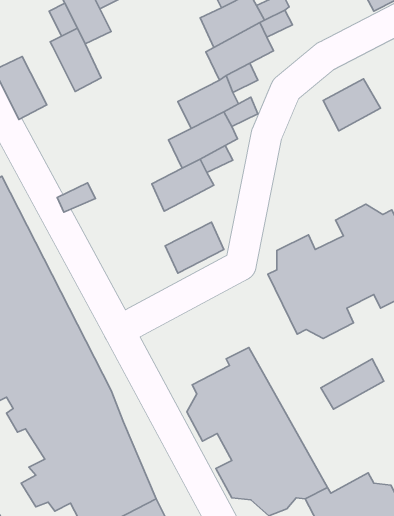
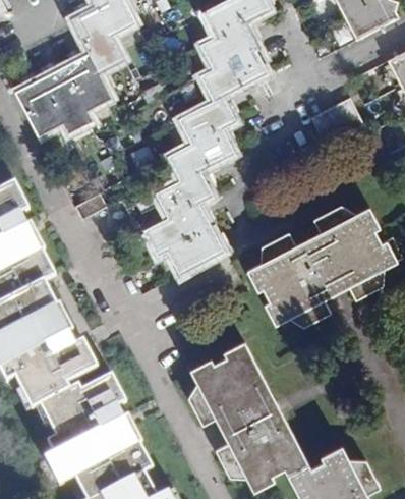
building: none -> [35,68,85,127]
building: none -> [146,202,206,252]
building: [321,359,384,409] -> none

